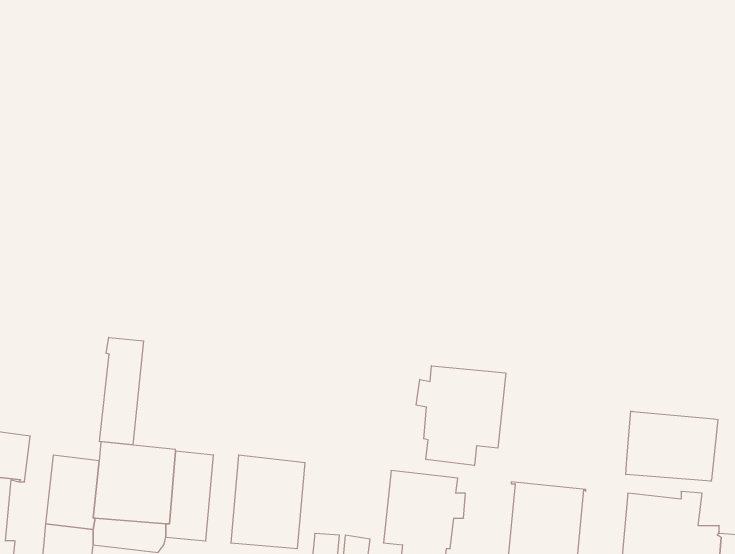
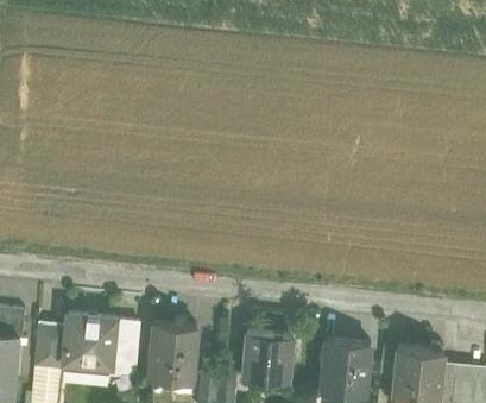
building: [99,337,144,445] -> none
building: [416,366,506,466] -> none
building: [626,411,718,481] -> none

